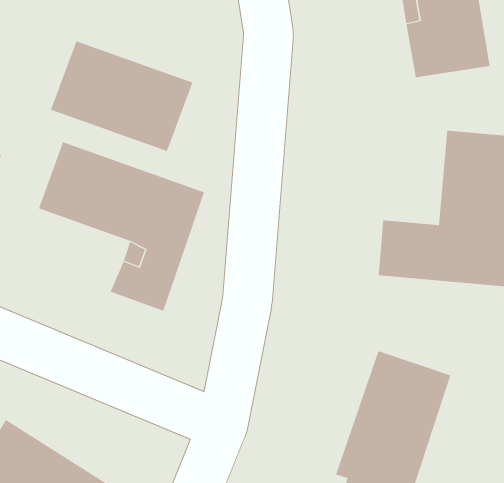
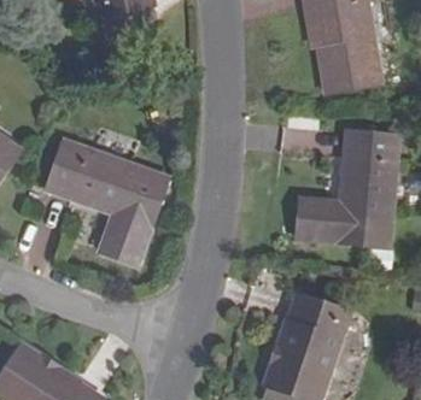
building: [50,40,193,152] -> none

